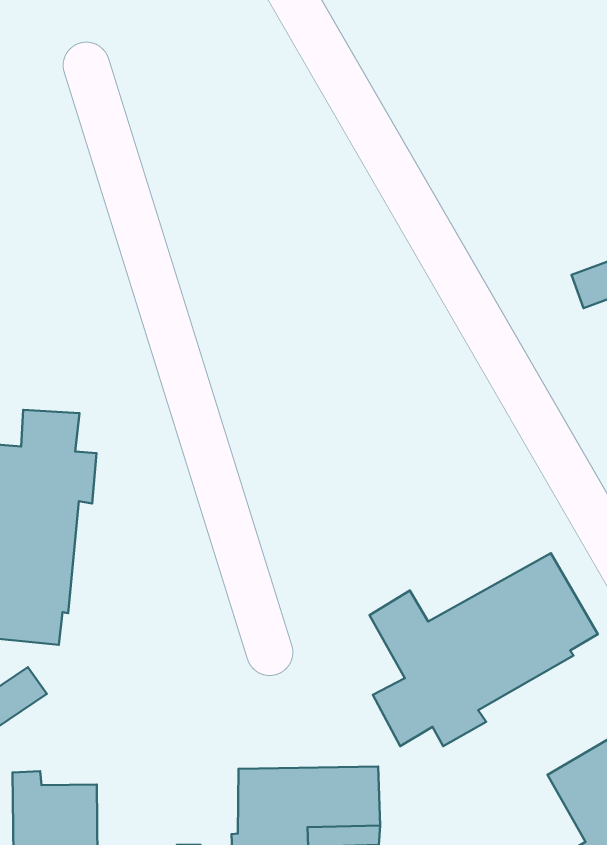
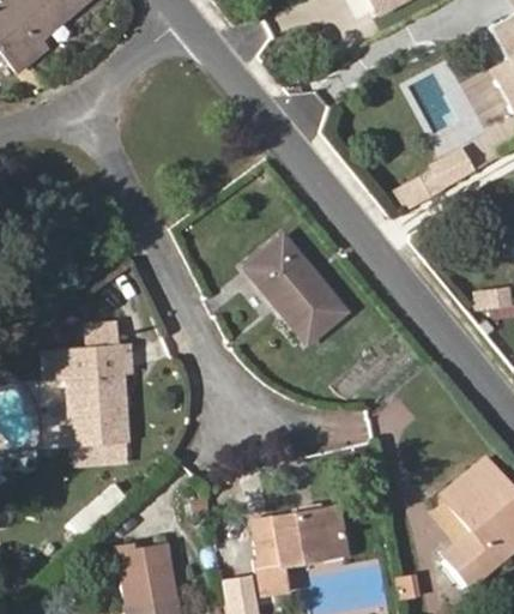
building: none -> [244,235,346,343]
building: [370,553,598,746] -> none

